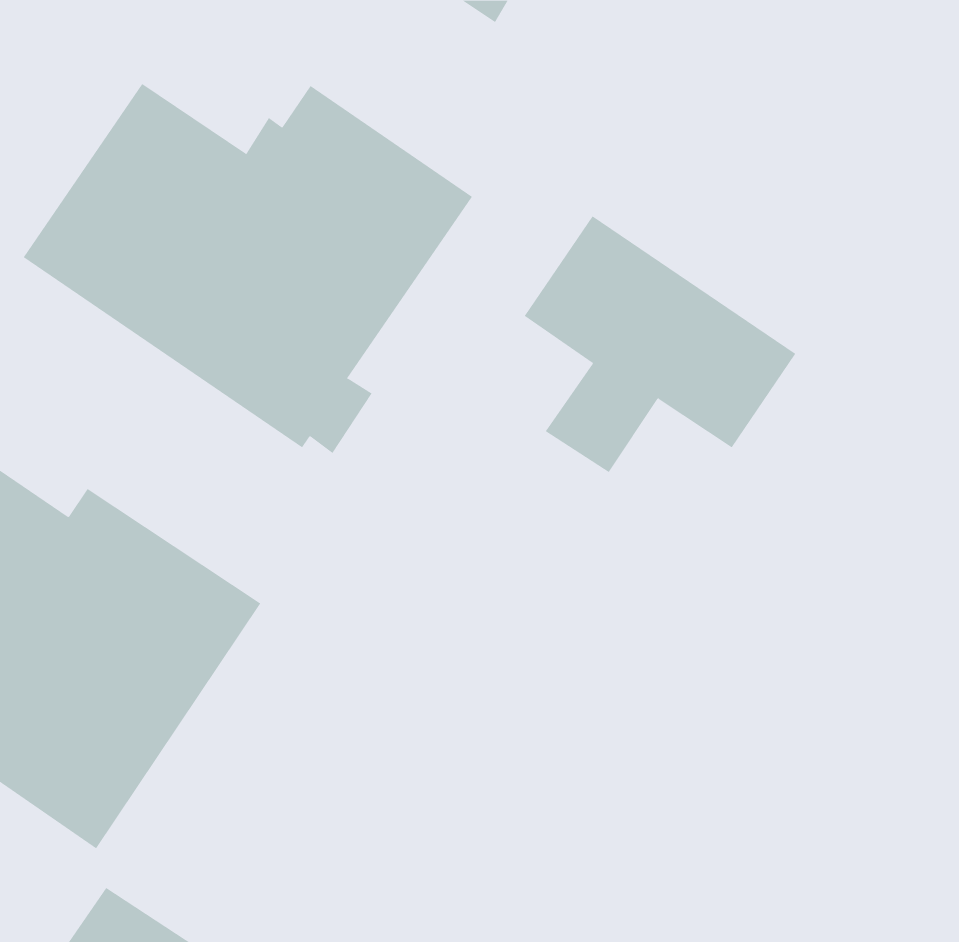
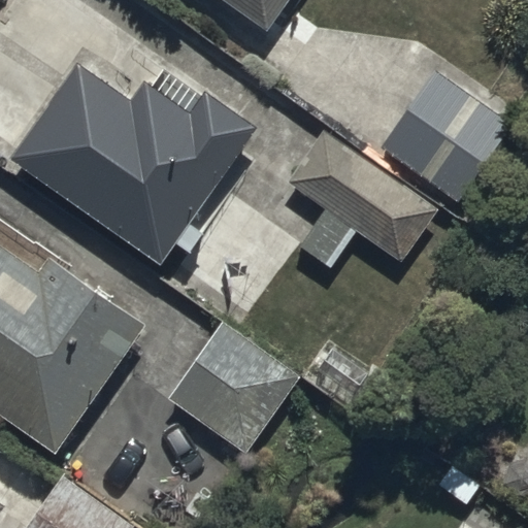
building: none -> [376,69,509,201]
building: none -> [169,321,294,449]

